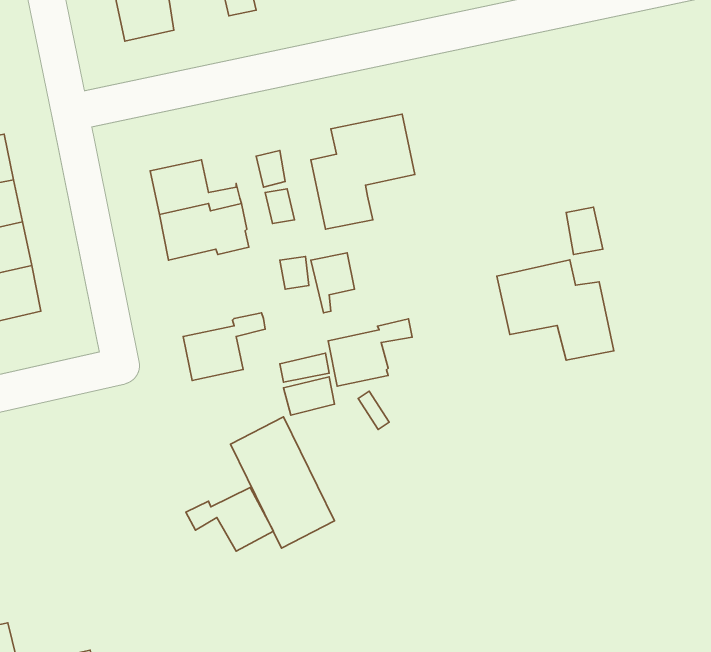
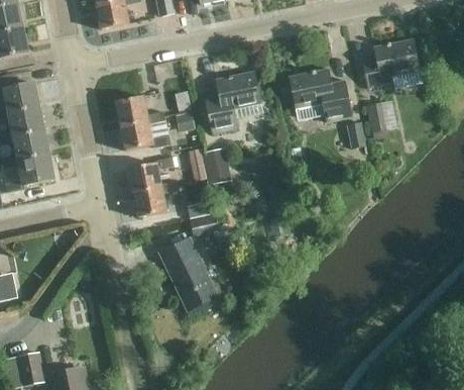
building: none -> [362,37,420,88]
building: none -> [369,100,391,130]
building: [497,260,614,360] -> [288,67,353,122]
building: [328,319,412,386] -> [128,156,175,193]
building: [186,488,273,551] -> none

